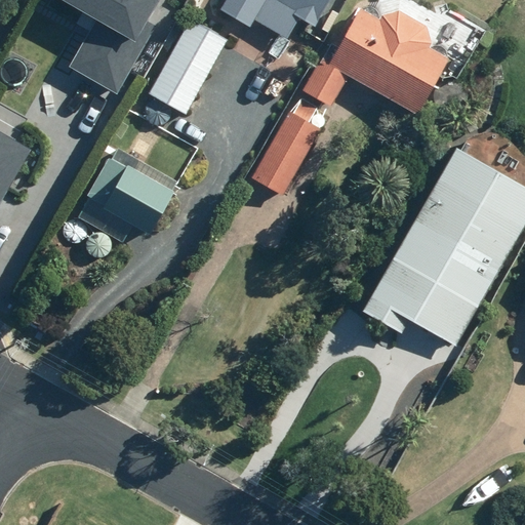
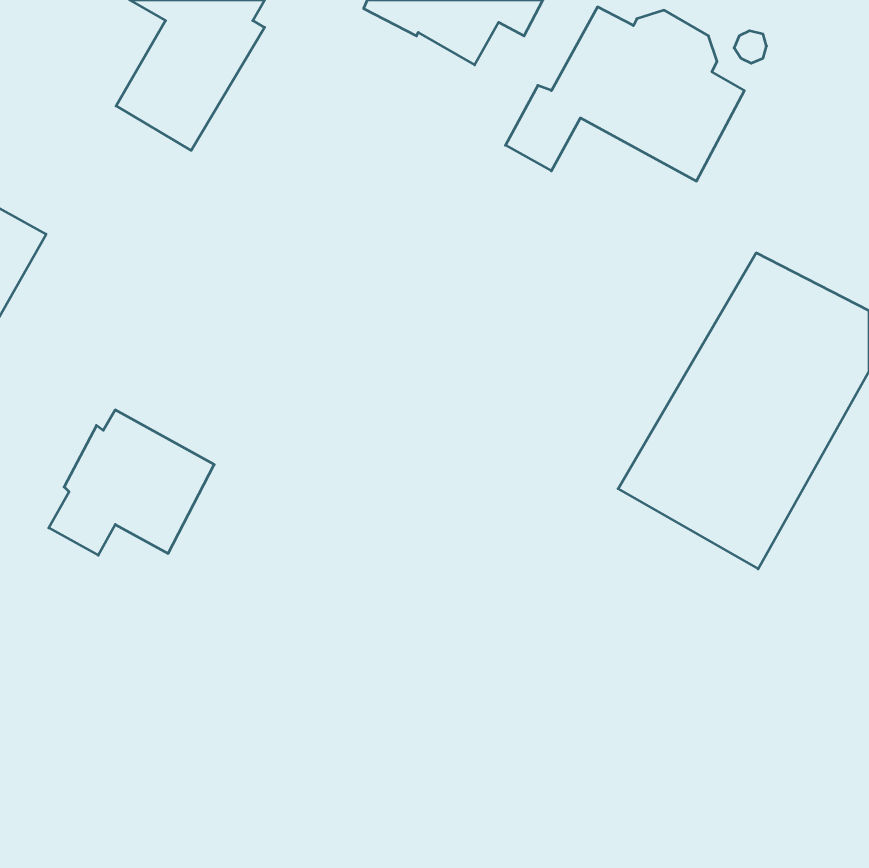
building: [149,18,228,114] -> none
building: [250,110,321,194] -> none
building: [78,147,177,234] -> [49,410,214,555]

